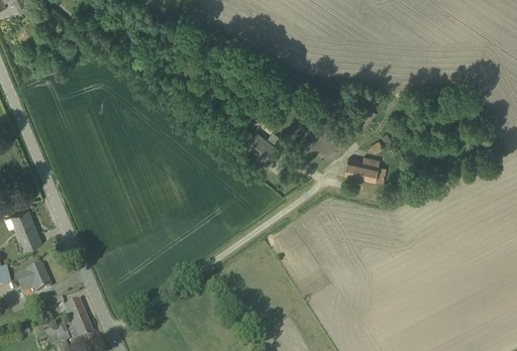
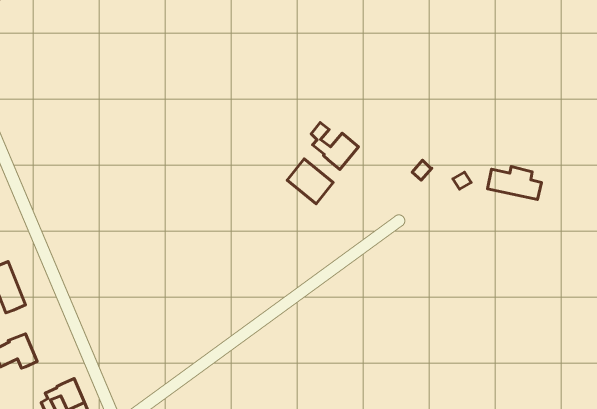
building: none -> [311,122,358,169]
building: [344,156,386,182] -> [488,167,542,200]

